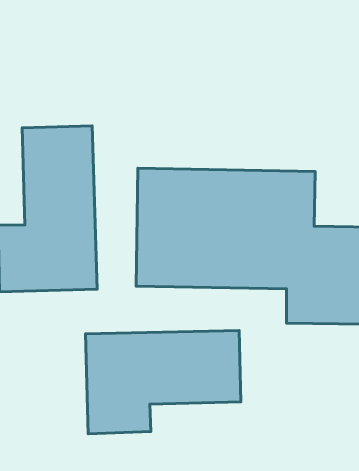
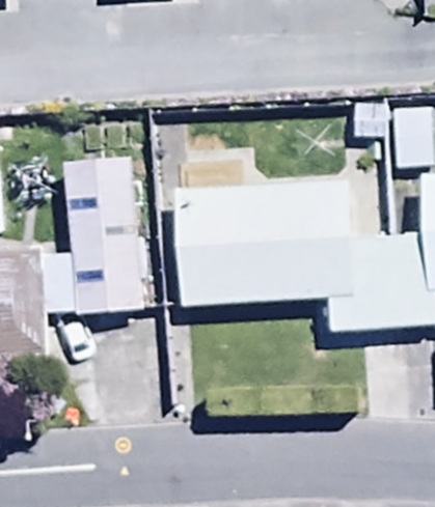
building: [86,330,241,434] -> none

